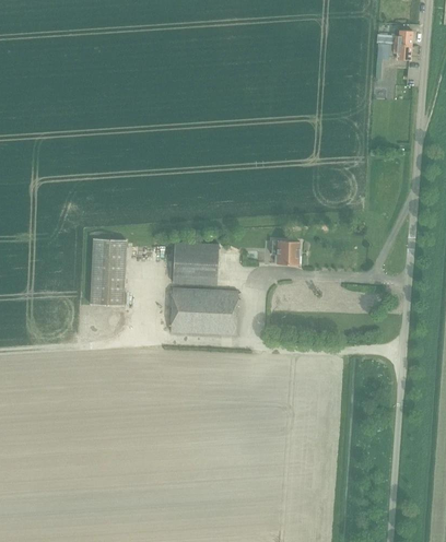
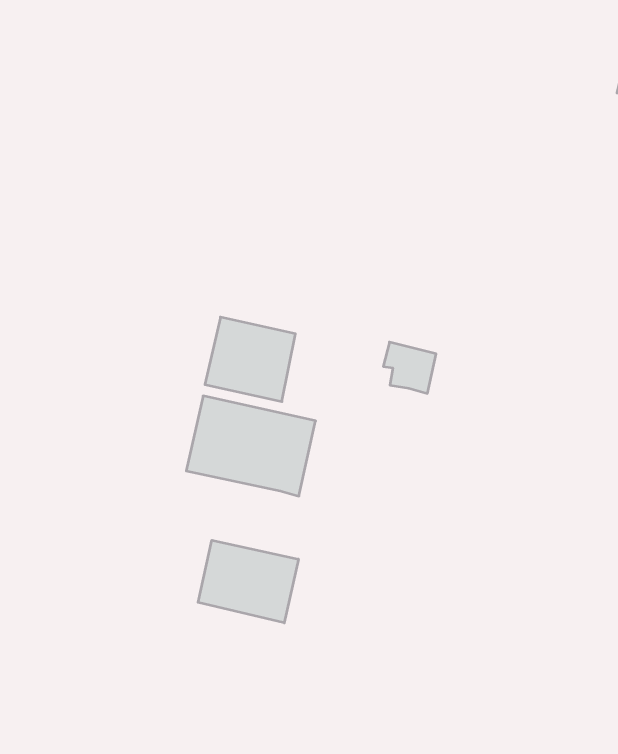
building: [89,237,126,305] -> none
building: none -> [198,540,298,623]

